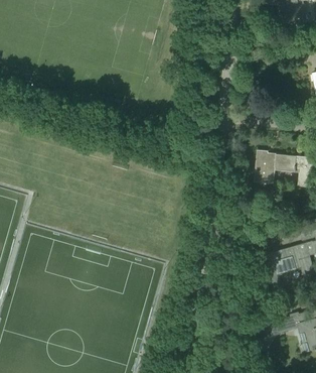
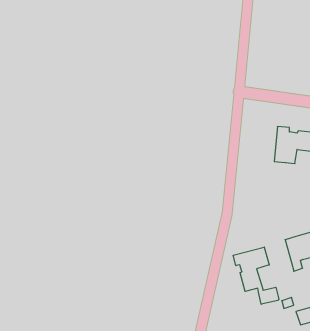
building: none -> [233,247,279,304]

